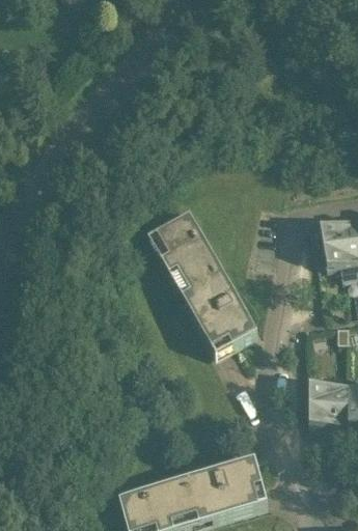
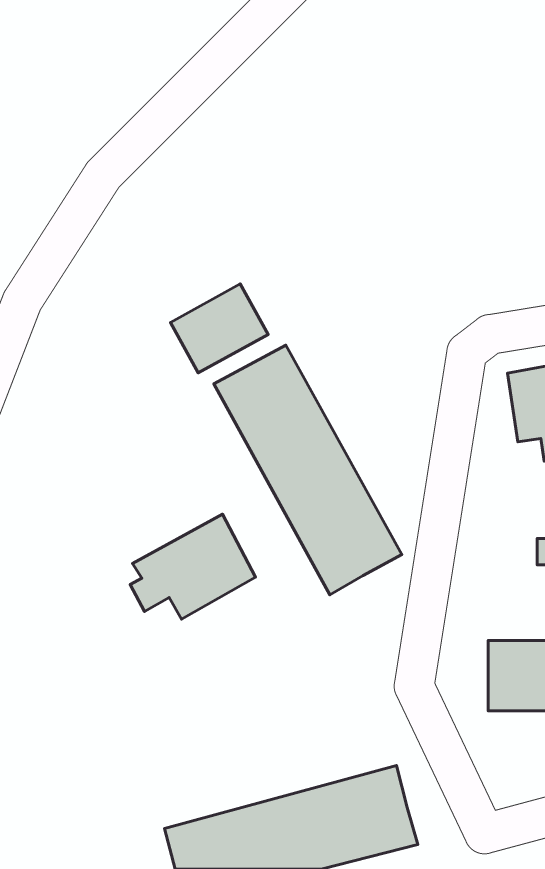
building: none -> [170,284,268,373]
building: none -> [130,514,256,619]

